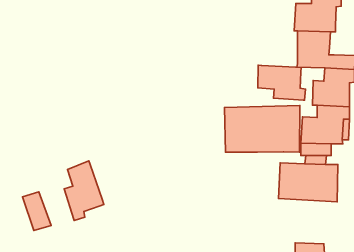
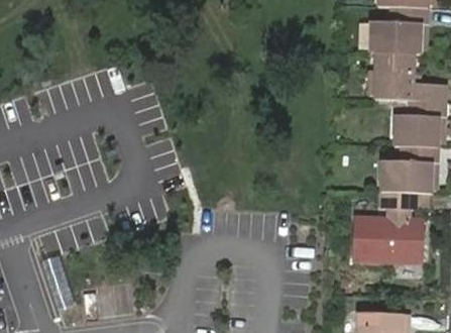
building: [258,65,305,100] -> none
building: [225,106,300,152] -> none
building: [64,161,104,220] -> none

